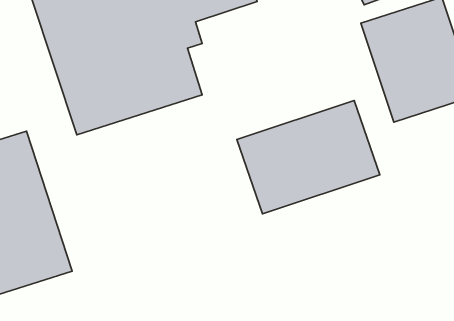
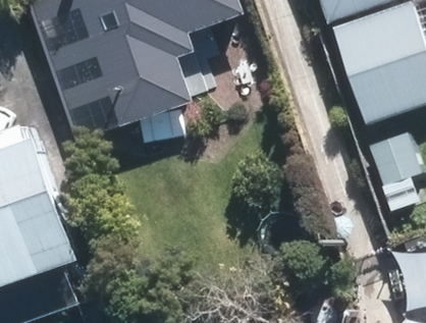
building: [237,101,380,214] -> none

